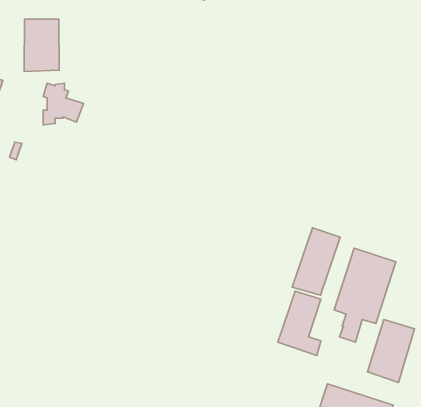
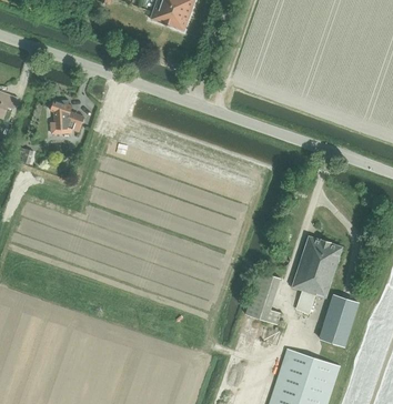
building: [24,19,59,71] -> none
building: [292,228,340,295] -> none

